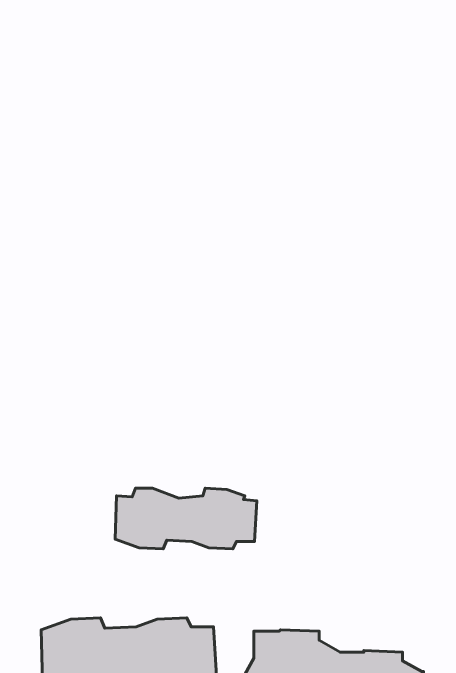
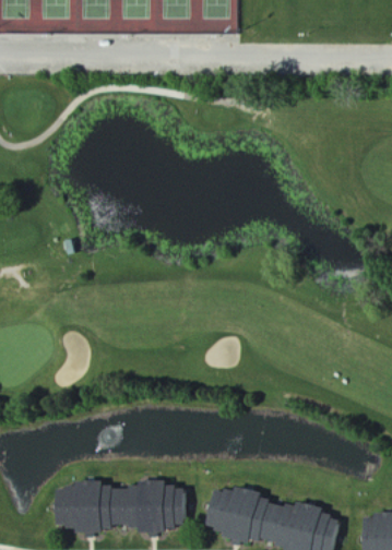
building: [115,488,257,549] -> none

